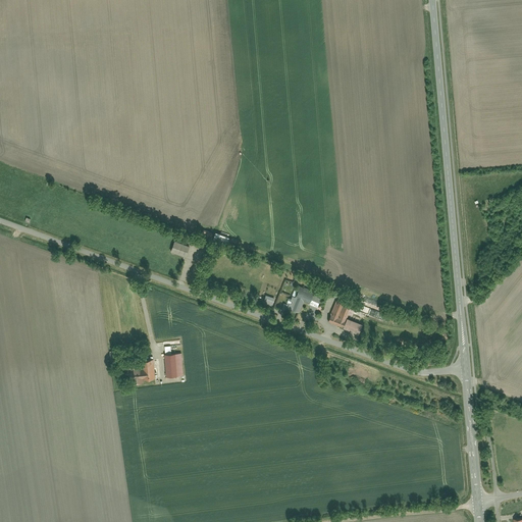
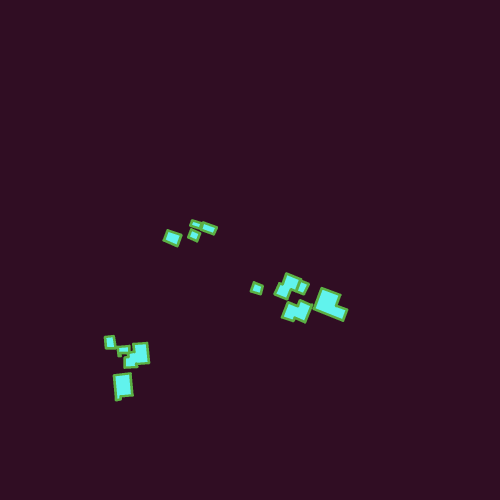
building: none -> [282,300,312,322]
building: [163,353,182,380] -> [114,374,133,400]

